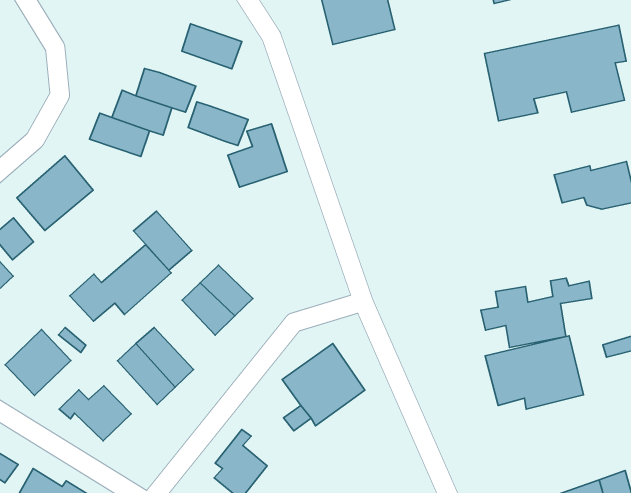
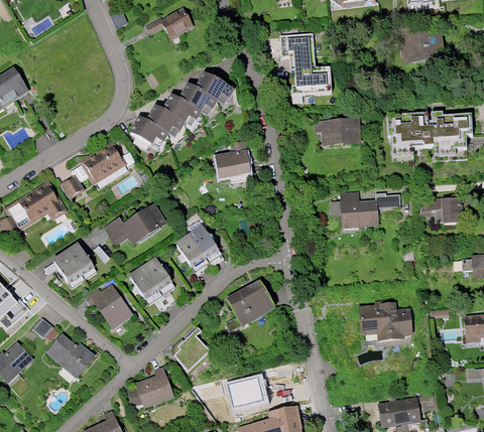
building: none -> [313,118,359,147]
building: [188,102,248,145] -> [182,82,220,113]
building: [134,211,192,270] -> none
building: [481,278,592,347] -> [328,191,398,229]

